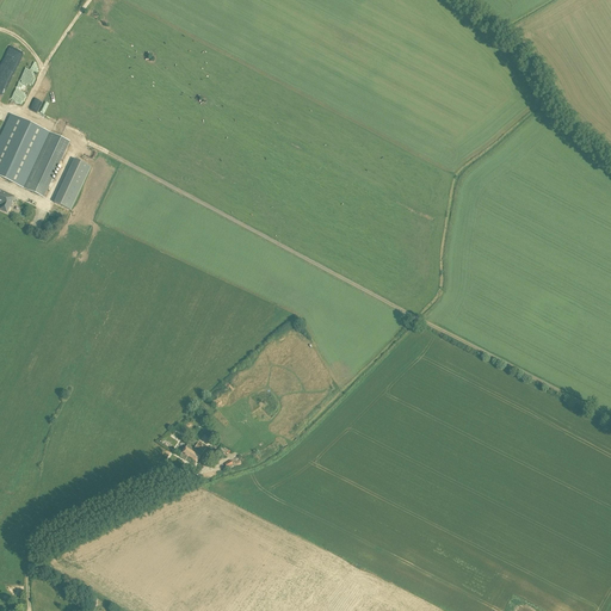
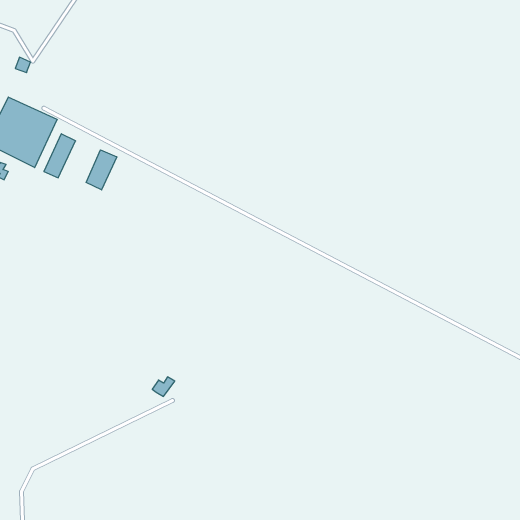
building: none -> [86,150,117,190]

